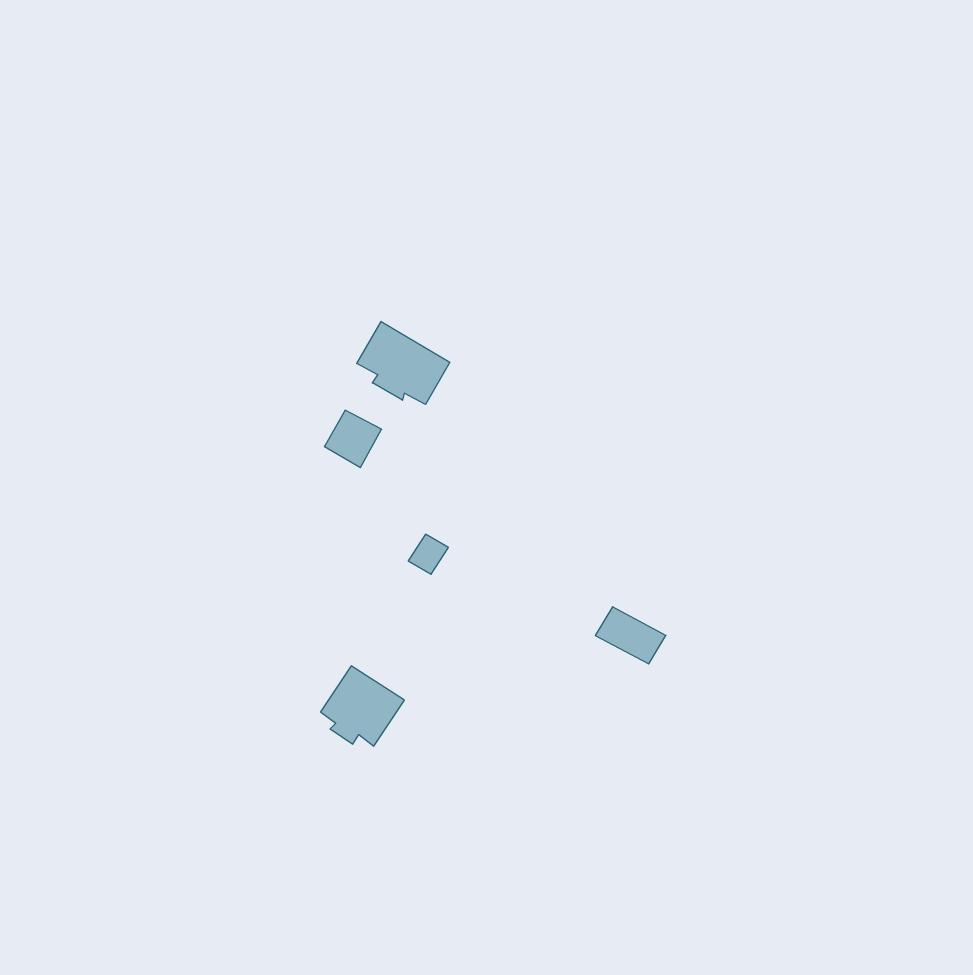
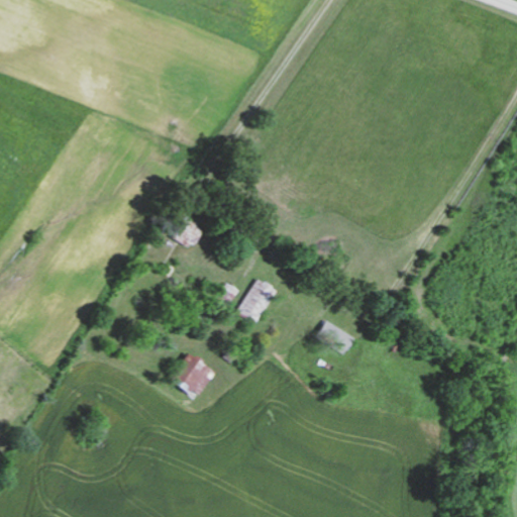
building: [357,321,450,404] -> none
building: none -> [237,278,274,323]

